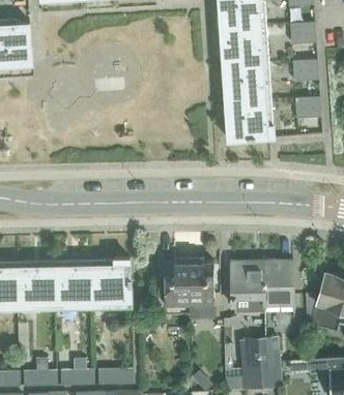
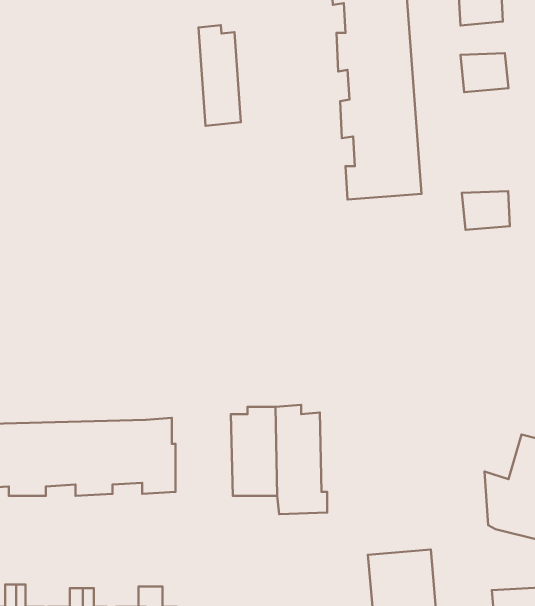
building: none -> [199,25,241,126]
building: [293,97,320,119] -> [462,191,510,230]
building: [229,260,292,312] -> none

